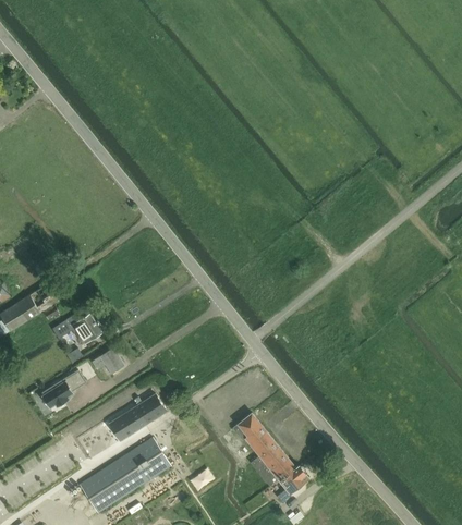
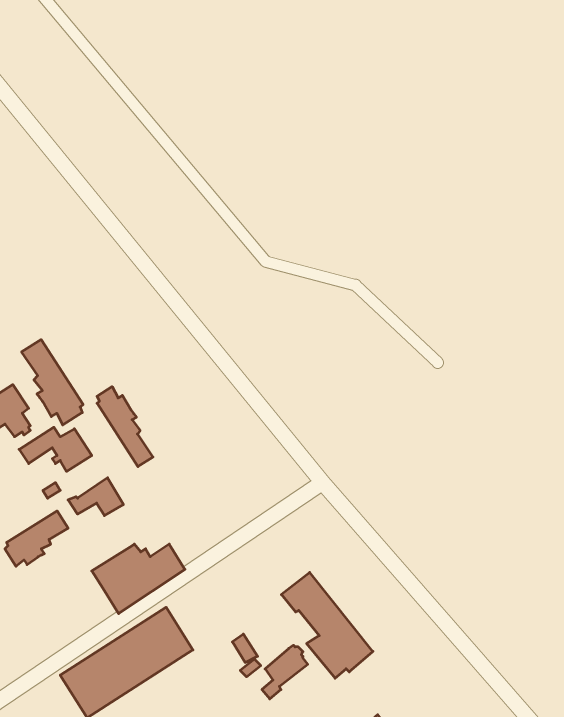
building: none -> [22,340,83,425]
building: none -> [97,387,153,467]
building: [277,465,308,502] -> [262,645,308,699]

